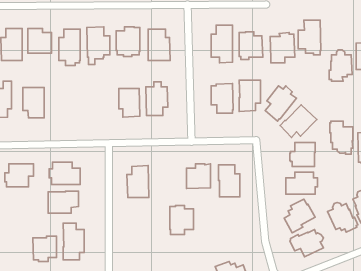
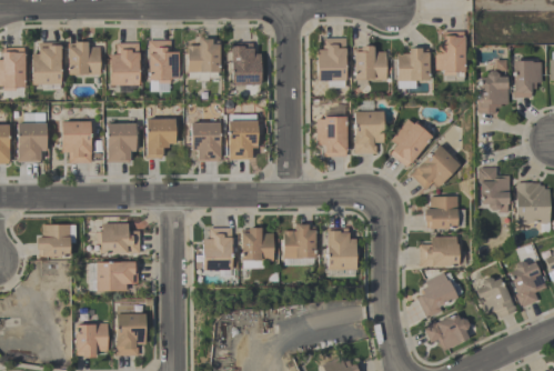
building: none -> [147,118,175,157]
building: none -> [107,123,137,161]
building: [170,206,194,234] -> [242,228,274,267]

